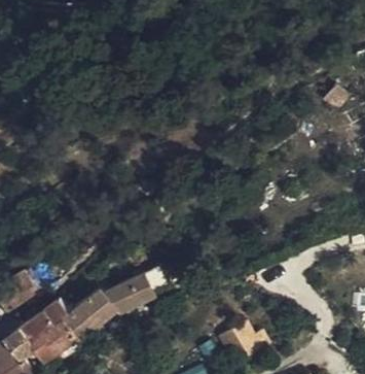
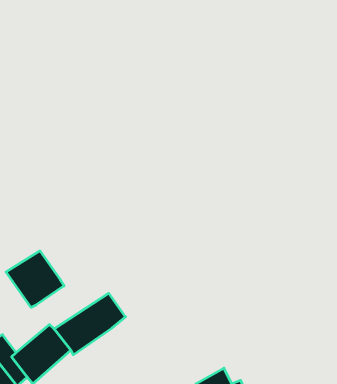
building: none -> [6,251,64,307]

